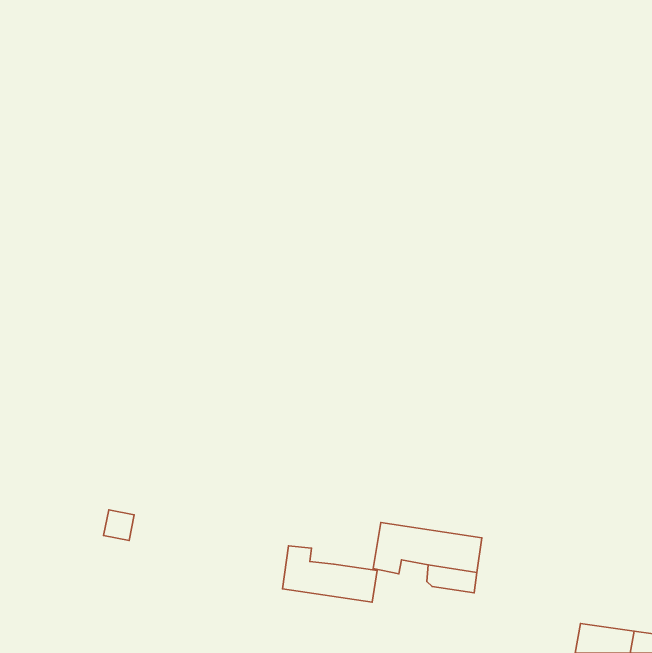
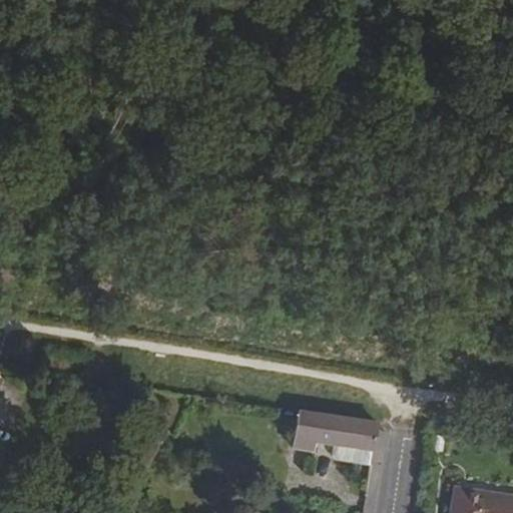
building: [282,546,377,602] -> none

